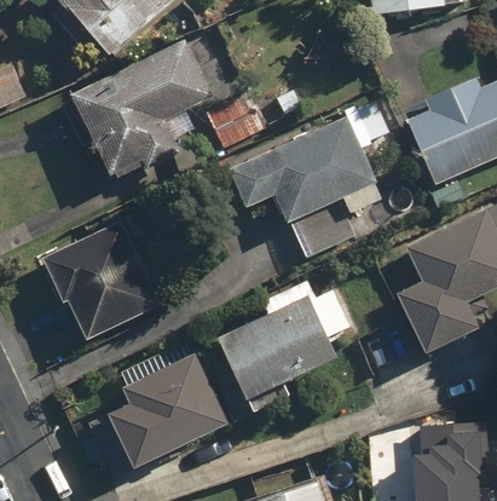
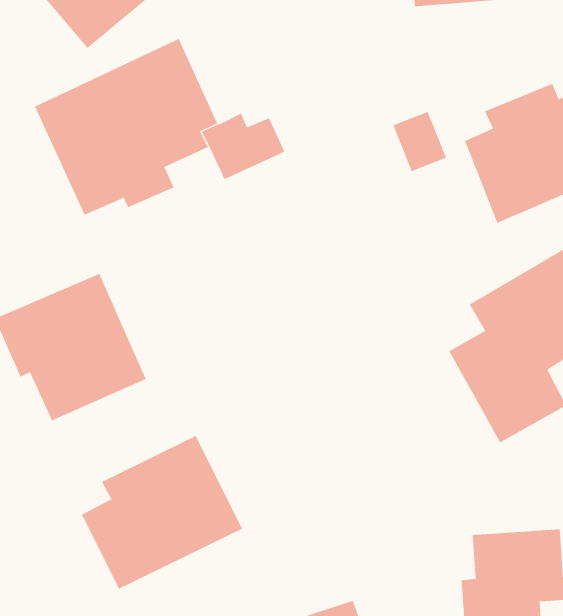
building: [230,117,385,261] -> none
building: [218,278,348,416] -> none

